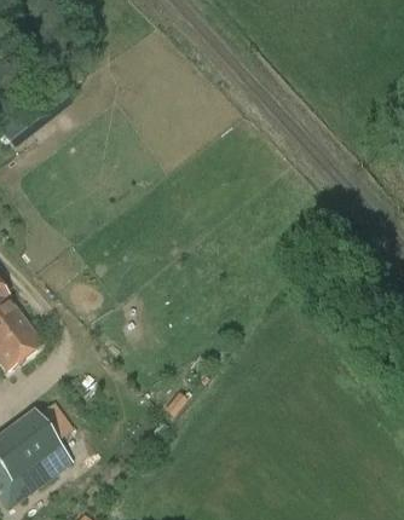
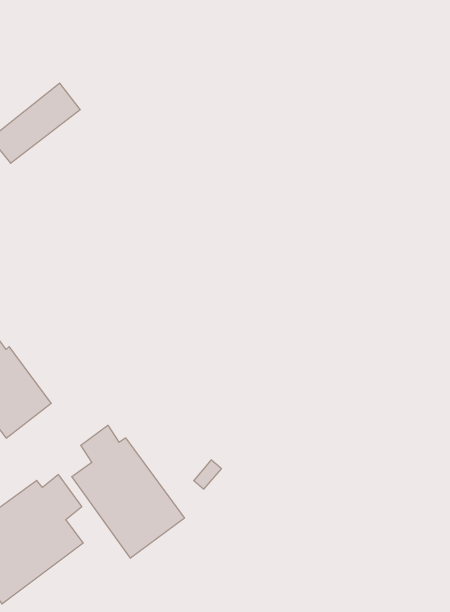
building: none -> [72,425,184,558]

